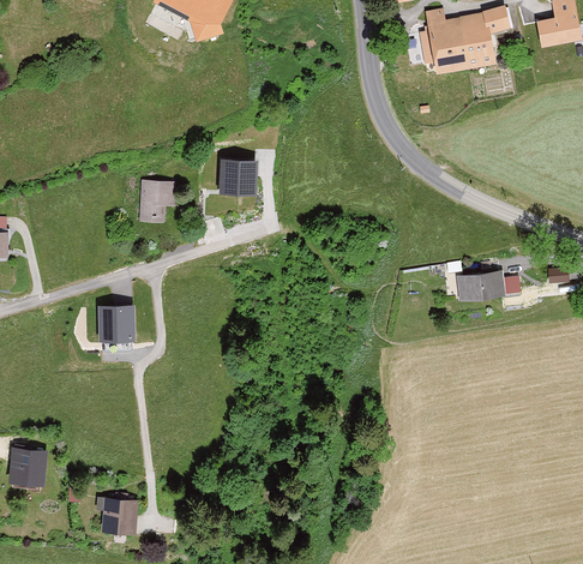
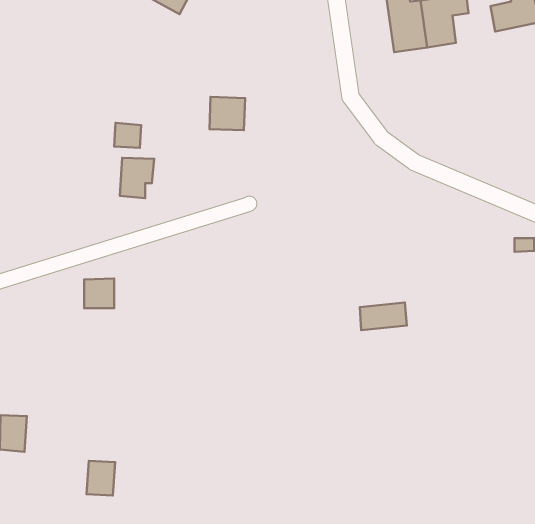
building: none -> [114,123,141,148]
building: [221,157,258,192] -> [210,97,245,130]
building: [459,269,509,298] -> [360,302,407,330]

